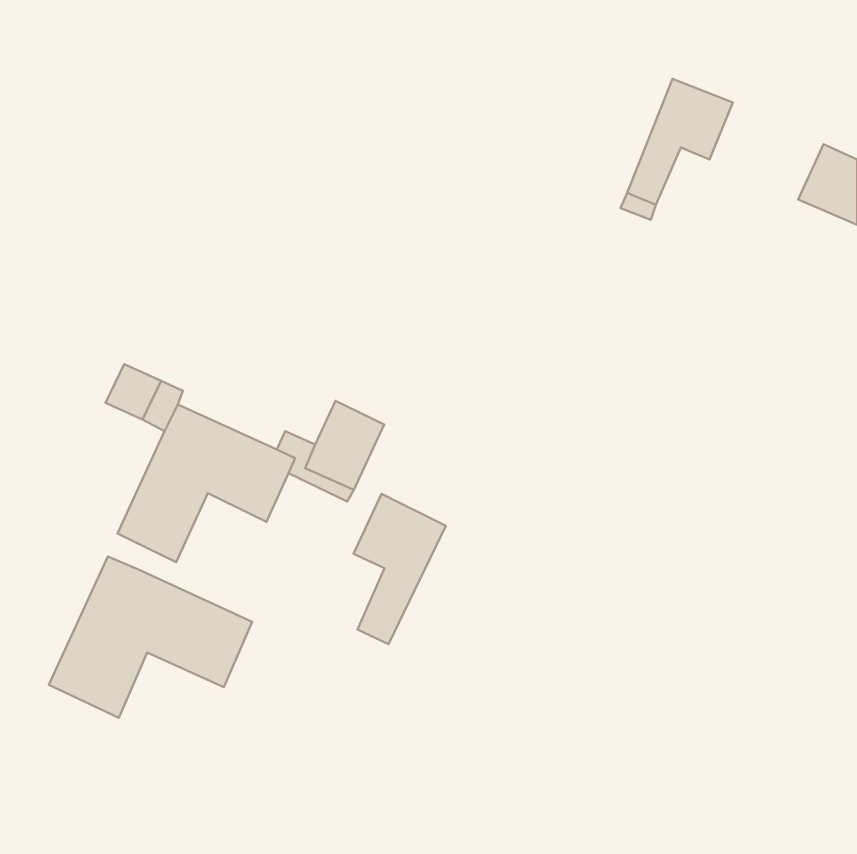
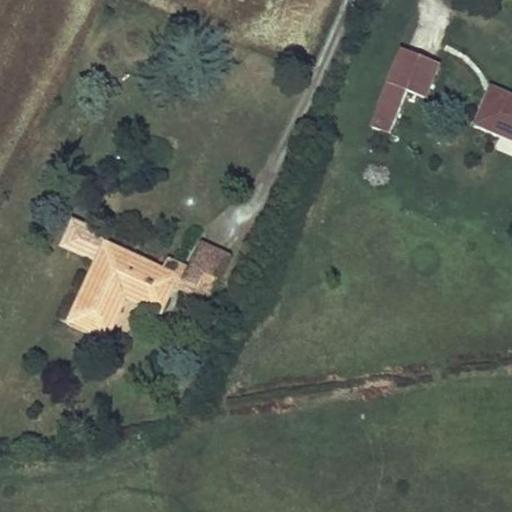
building: [353,494,446,644] -> none
building: [49,557,252,718] -> none

